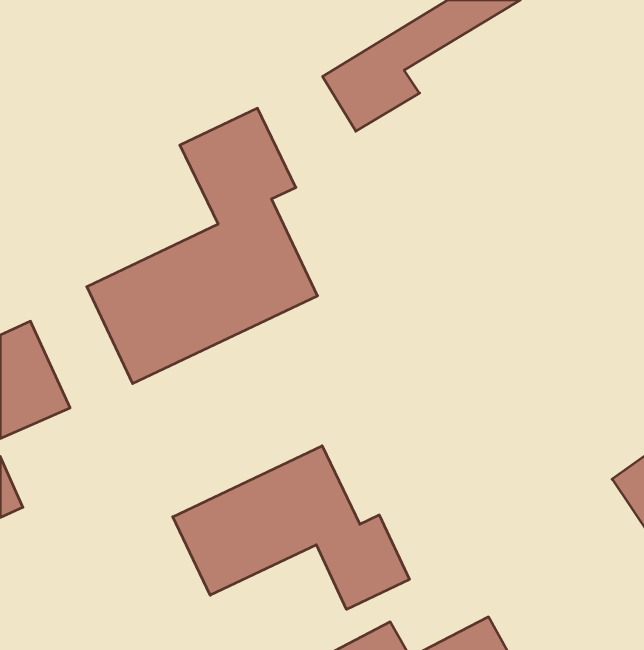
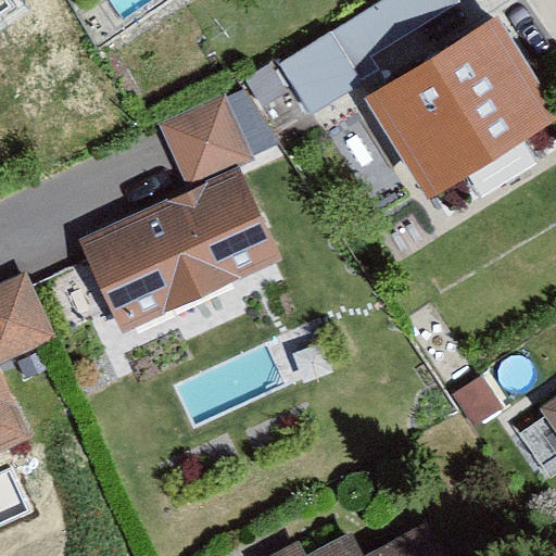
building: none -> [356,14,551,199]
building: [173,446,409,609] -> none

